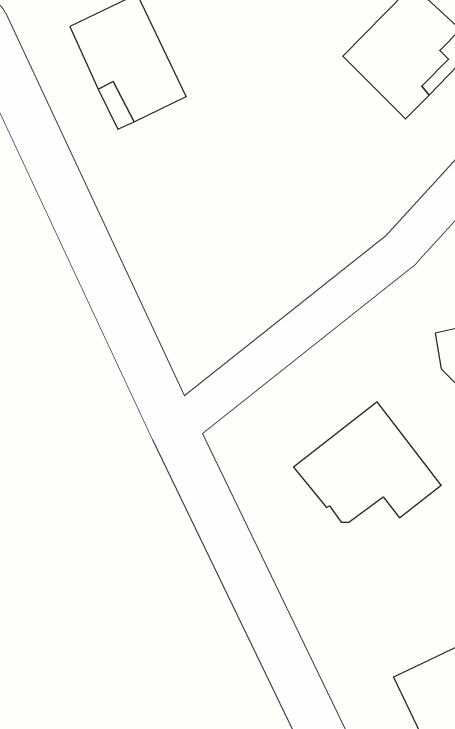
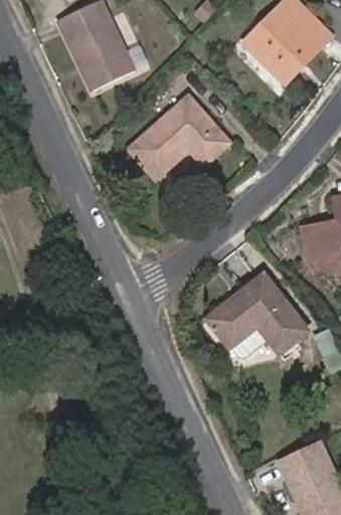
building: none -> [130,95,229,177]

